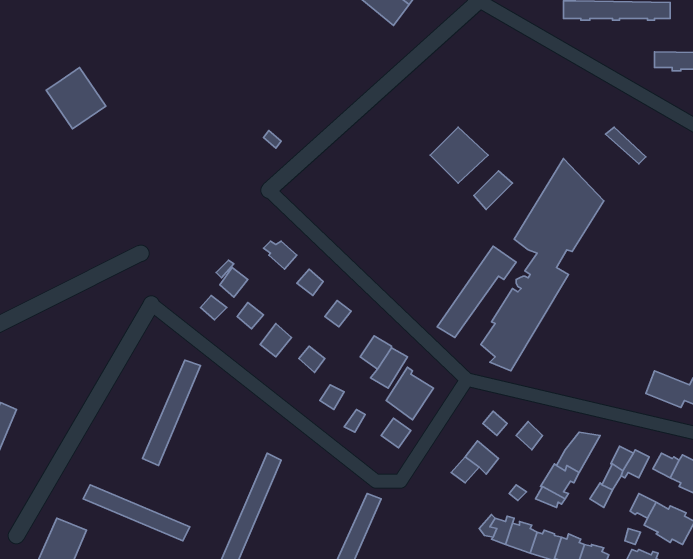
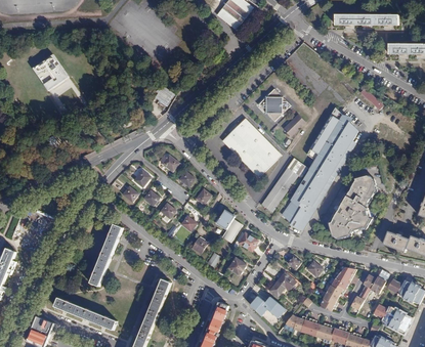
building: none -> [221,118,280,177]
building: none -> [327,173,377,240]
building: none -> [250,296,285,317]

